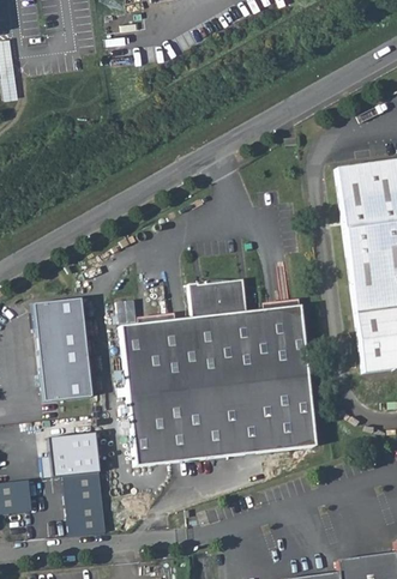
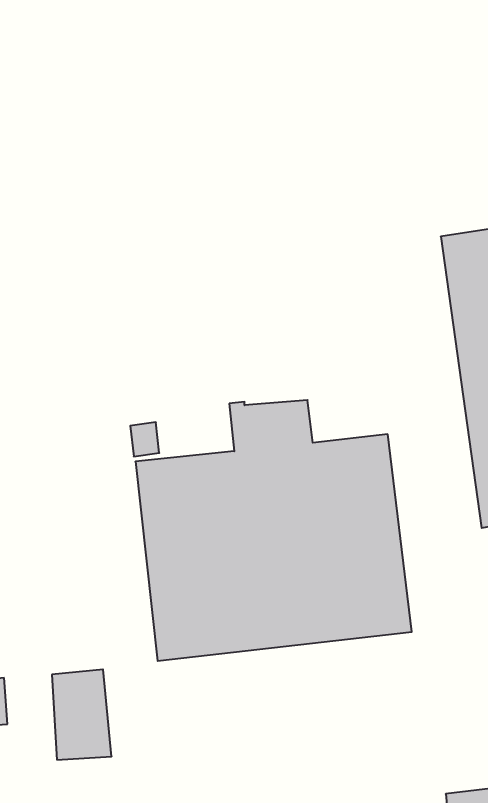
building: [34,298,92,403] -> none
building: [42,433,101,480] -> none

